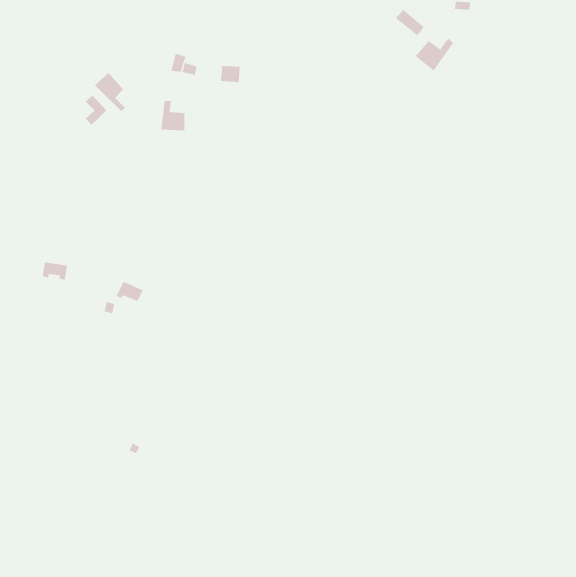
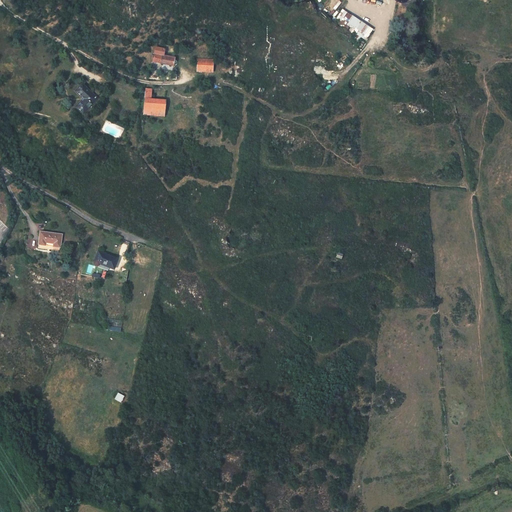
building: [415,38,454,71] -> none
building: [94,72,126,112] -> none

